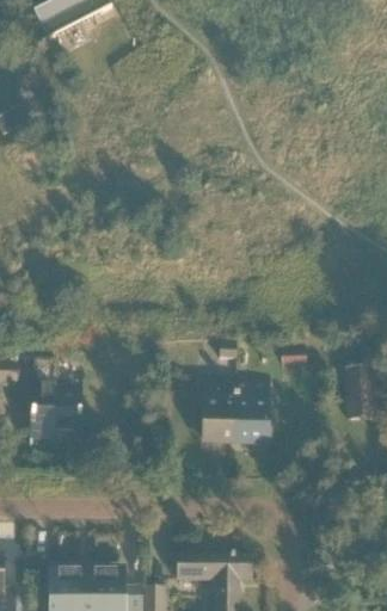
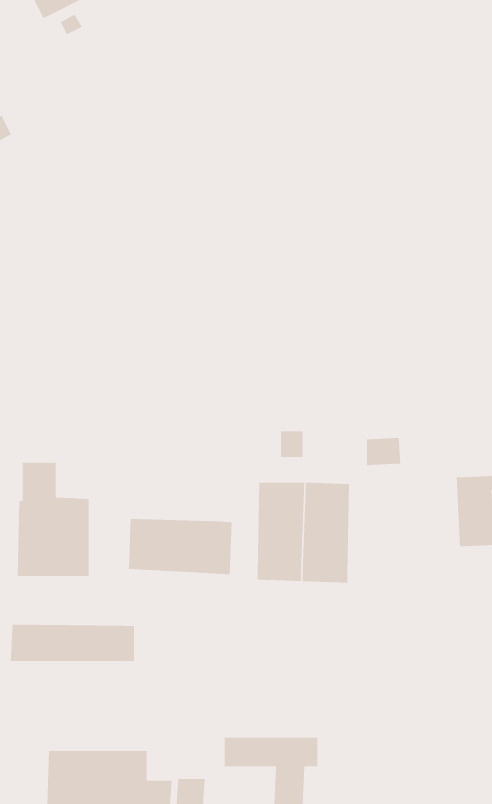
building: none -> [129,518,232,575]
building: none -> [10,624,135,662]

